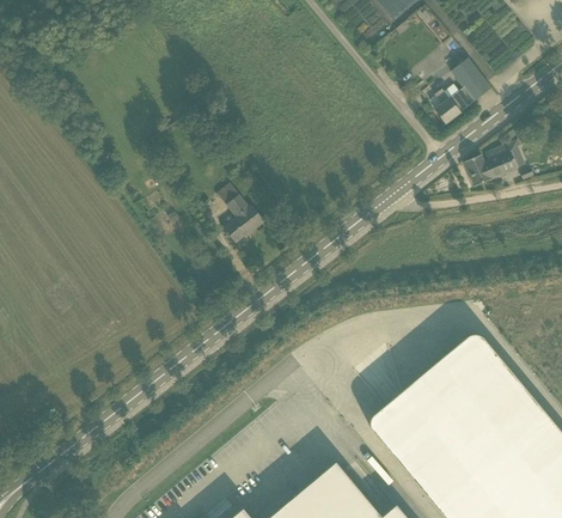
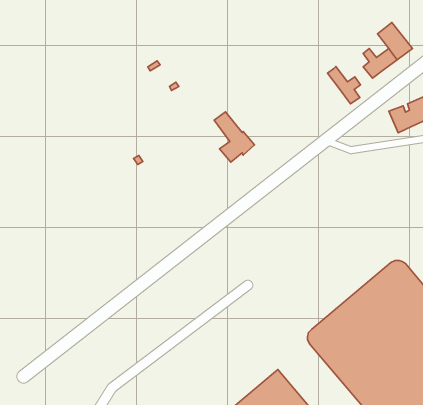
building: none -> [328,66,360,104]
building: [218,183,264,242] -> [214,112,254,162]

